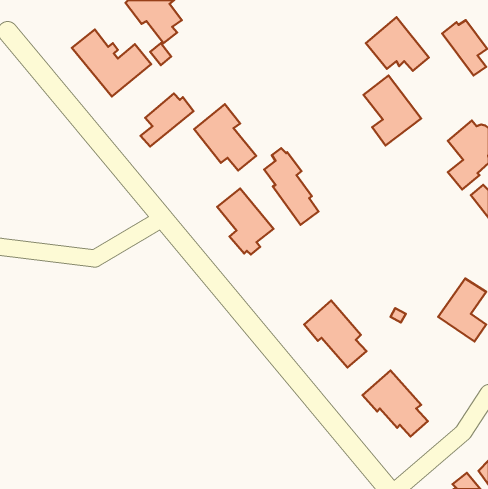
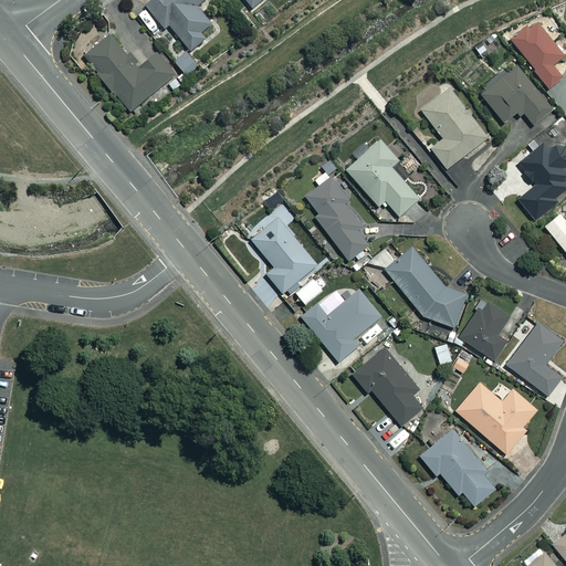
building: [366,17,429,71] -> [480,62,553,124]
building: [141,94,193,147] -> none
building: [194,104,256,170] -> [347,139,419,216]
building: none -> [382,245,467,327]
building: none -> [302,290,380,361]
building: none -> [461,302,509,359]
building: none -> [455,384,536,452]

